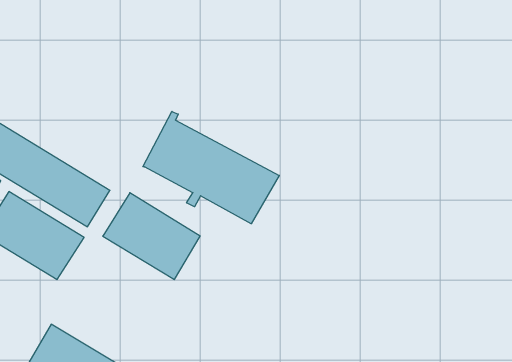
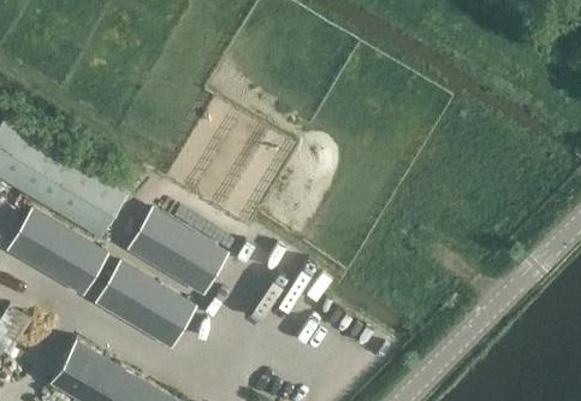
building: [143,111,279,224] -> none
building: none -> [93,258,197,349]

